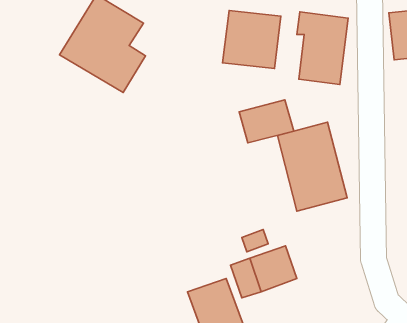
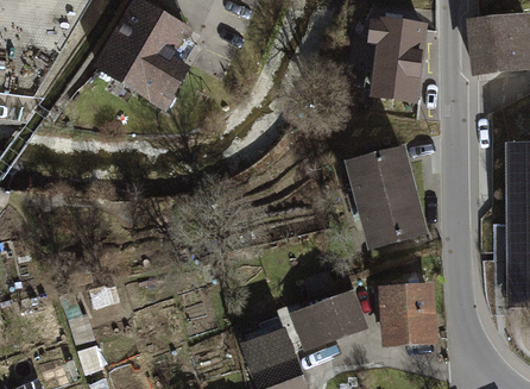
building: [223,11,281,68] -> none
building: [239,100,294,143] -> none
building: none -> [379,282,437,346]

